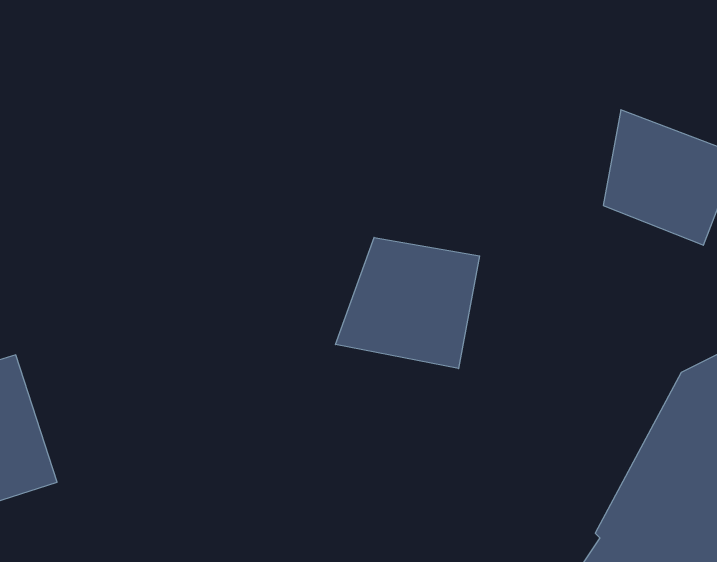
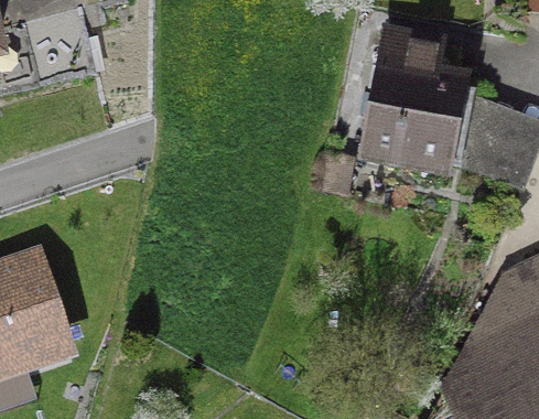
building: none -> [362,34,466,175]
building: [336,237,480,369] -> none

